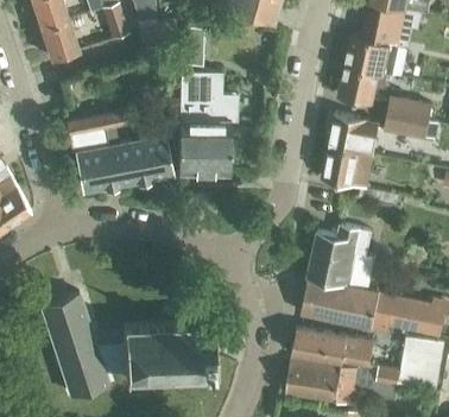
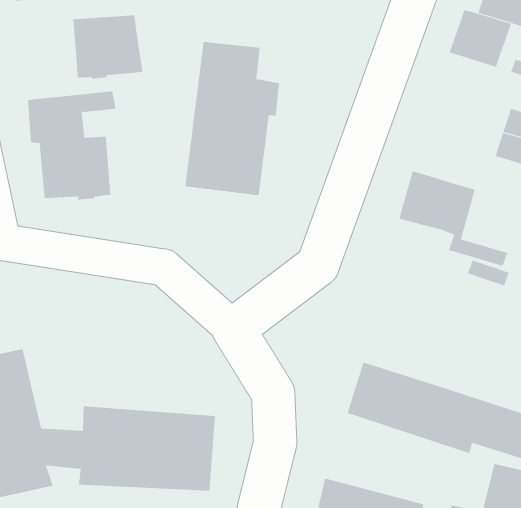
building: [339,64,386,102] -> none
building: [329,115,379,154] -> none
building: [121,137,172,183] -> [72,15,143,79]
building: [309,225,375,290] -> none
building: [292,329,374,366] -> none

